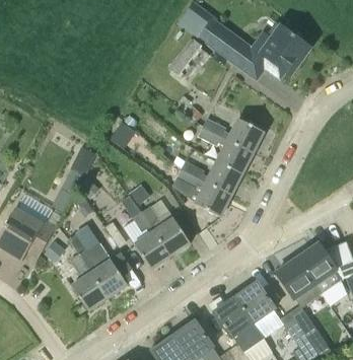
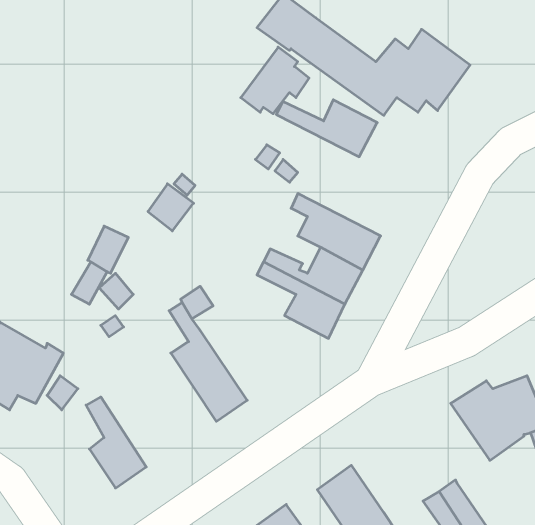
building: [202,117,265,152] -> [276,100,377,157]
building: [141,205,191,255] -> none
building: [69,232,128,296] -> none
building: [276,257,322,306] -> none
building: [235,281,277,325] -> none

